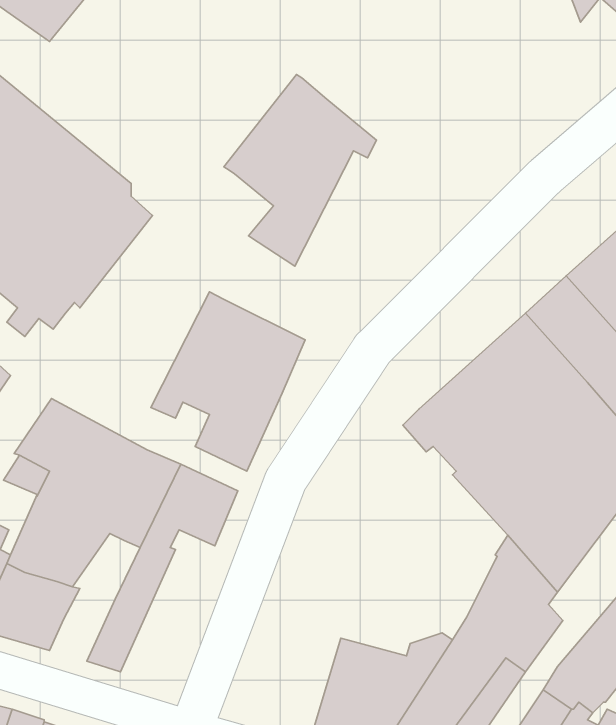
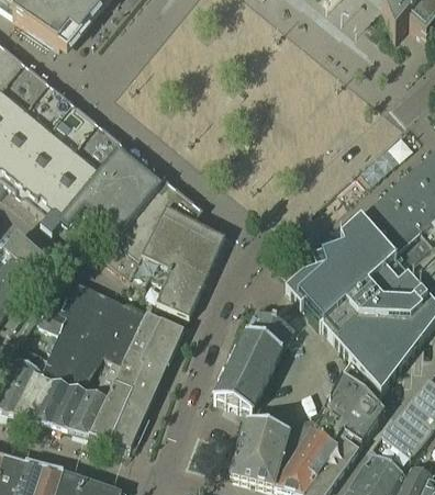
building: [224,74,376,266] -> [83,159,178,278]
building: none -> [212,311,291,412]
building: none -> [109,353,167,447]
building: none -> [65,360,121,435]

